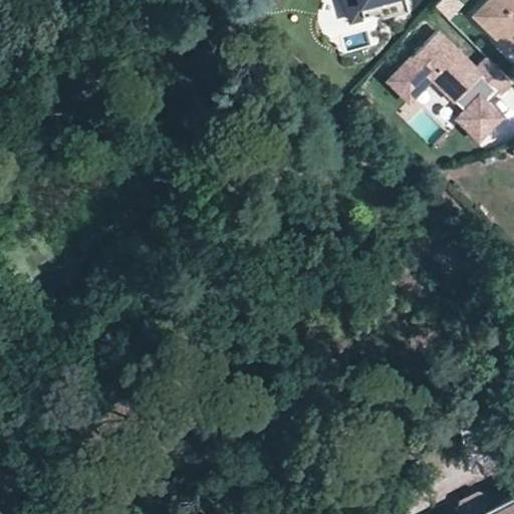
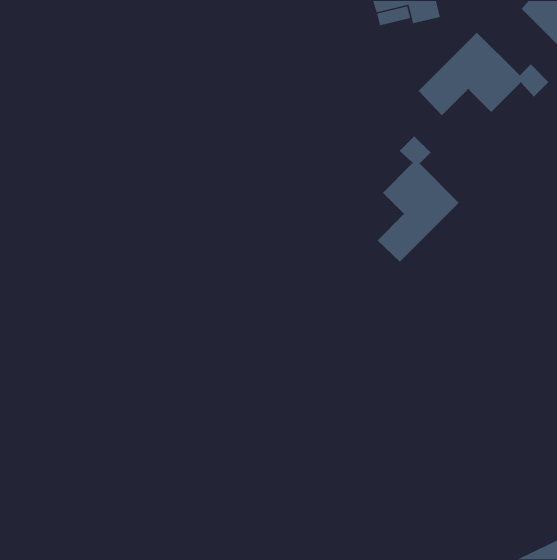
building: [456,98,499,142] -> none
building: none -> [377,135,460,262]

